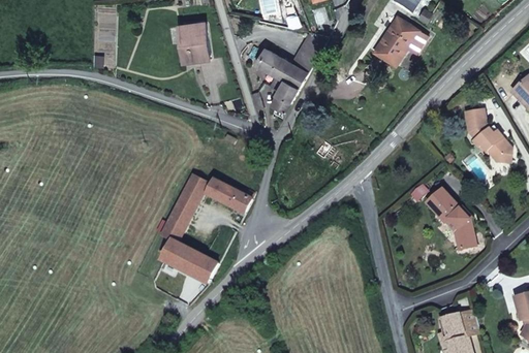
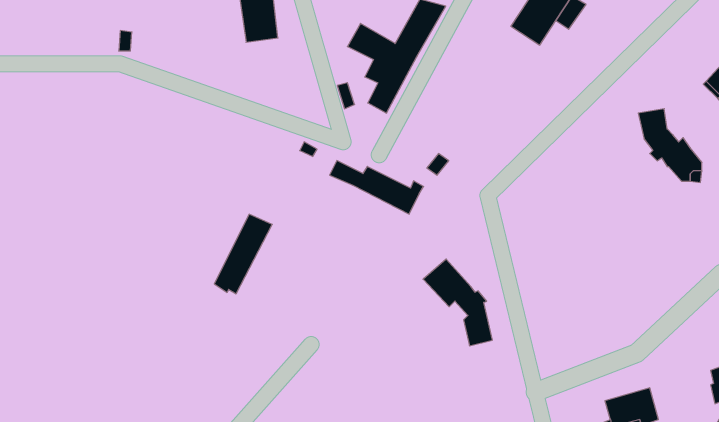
building: [187,174,254,213] -> [330,161,424,214]
building: [426,188,475,250] -> [423,259,492,346]
building: [162,238,219,283] -> none

